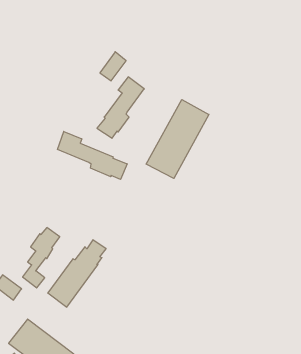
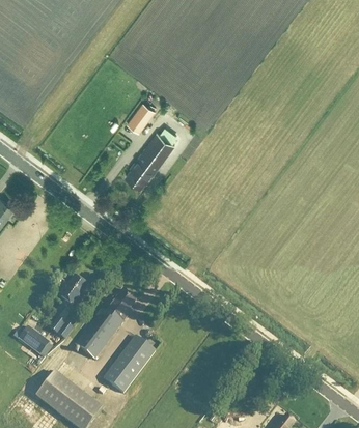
building: [146,100,209,178] -> none
building: [58,131,127,179] -> none
building: none -> [104,336,156,394]

